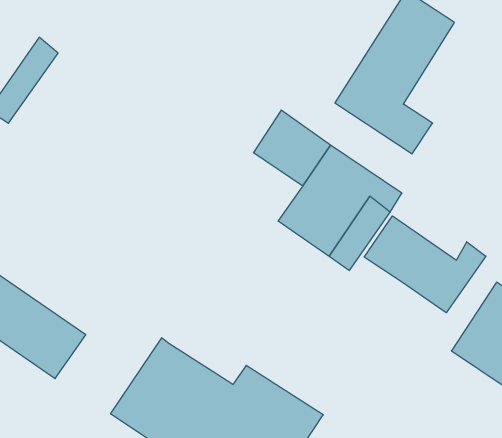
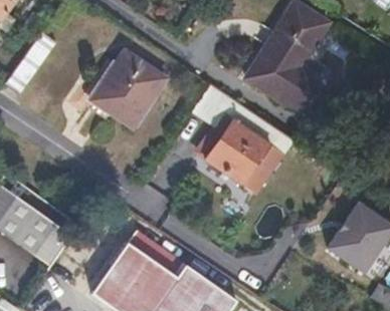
building: none -> [90,51,166,128]
building: [364,216,486,313] -> none

